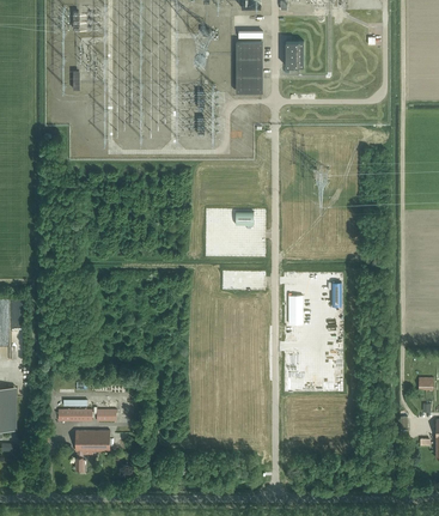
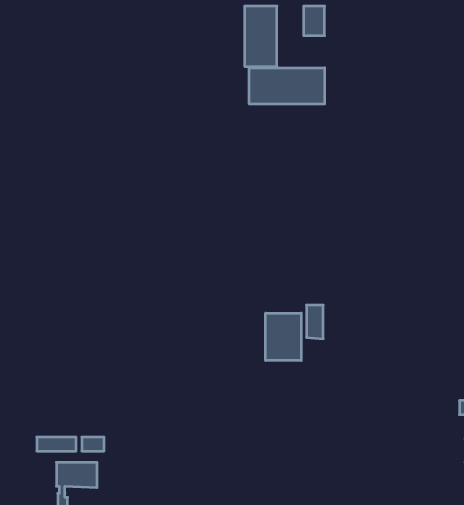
building: none -> [249,68,325,104]
building: none -> [266,313,301,361]

